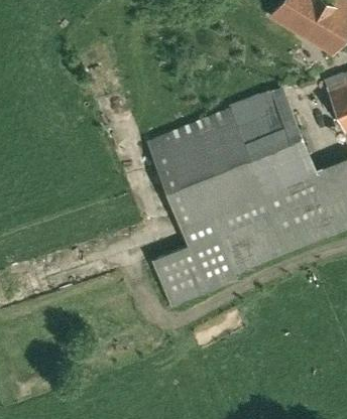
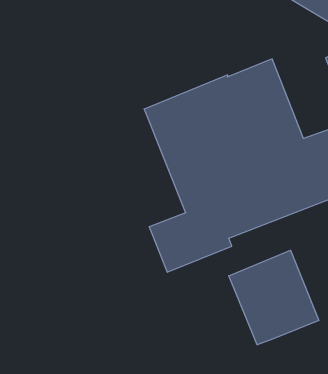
building: none -> [229,250,319,345]

